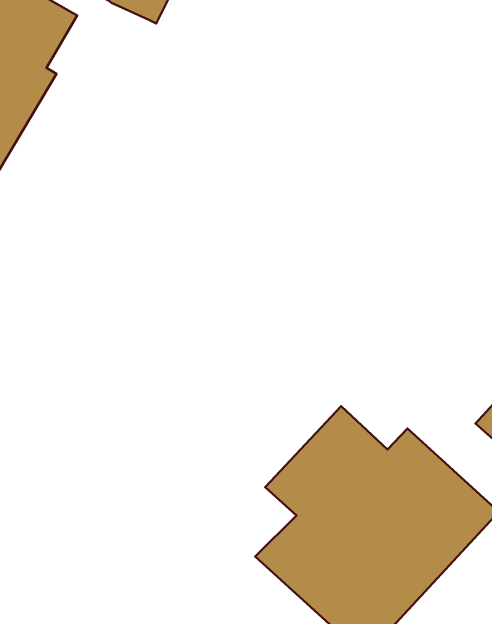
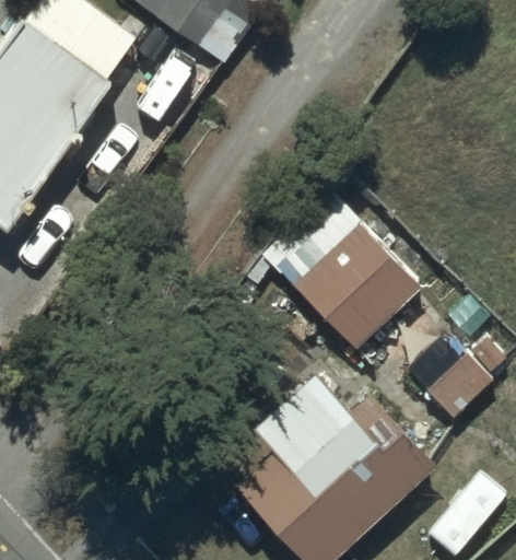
building: none -> [288,215,426,353]

